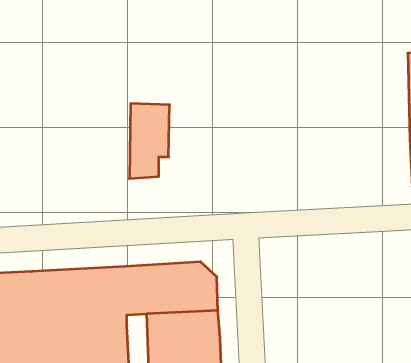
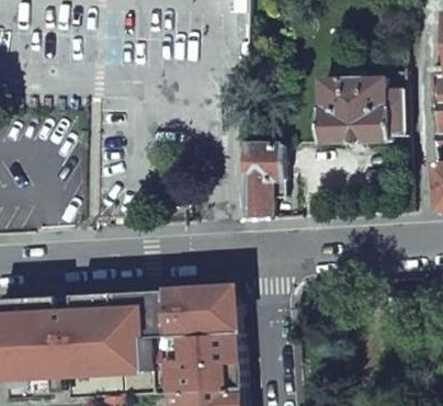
building: none -> [317,76,406,140]
building: [129,104,170,179] -> [242,144,283,219]

